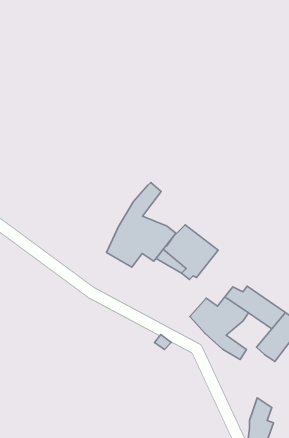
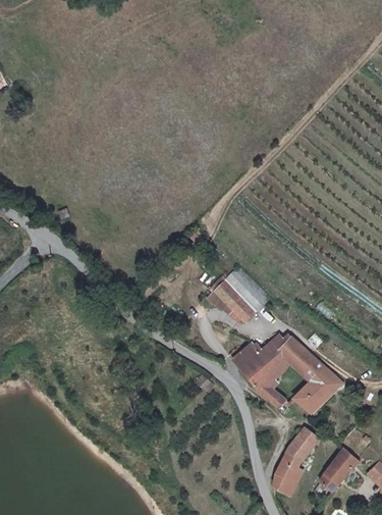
building: [106,182,176,267] -> none
building: none -> [289,426,318,458]

